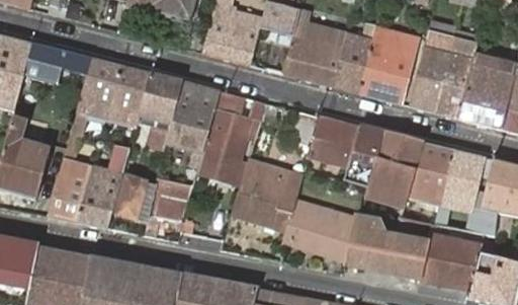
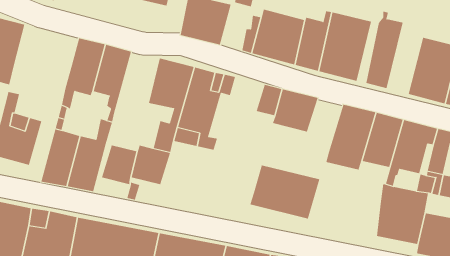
building: [437,40,479,120] -> none
building: [21,42,92,87] -> none
building: [133,72,182,149] -> none
building: [343,124,387,184] -> none
building: [234,159,303,230] -> none
building: [348,215,429,279] -> none

